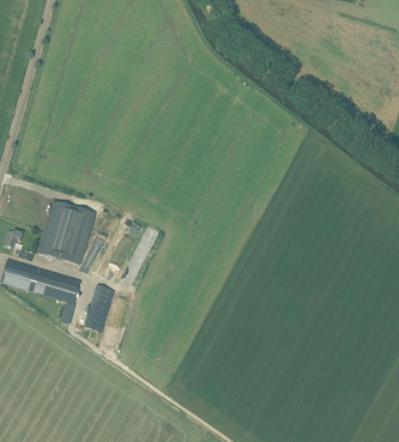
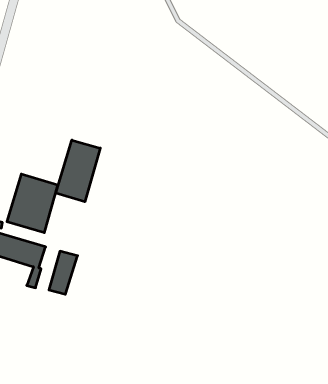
building: none -> [56,140,100,202]

